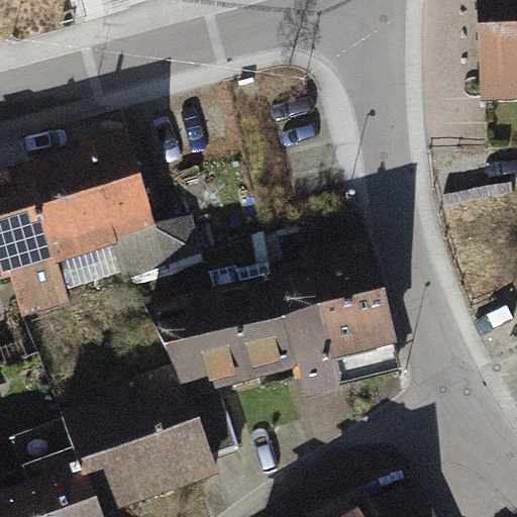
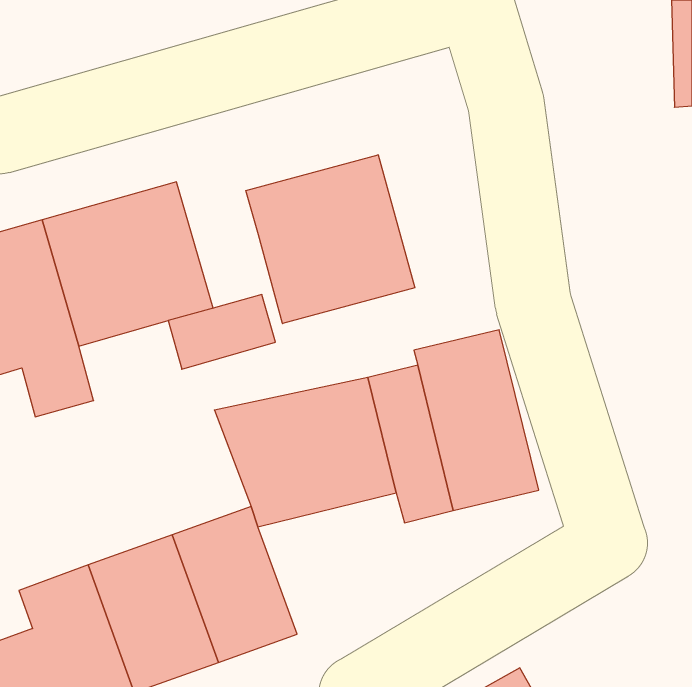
building: none -> [246,155,415,324]

